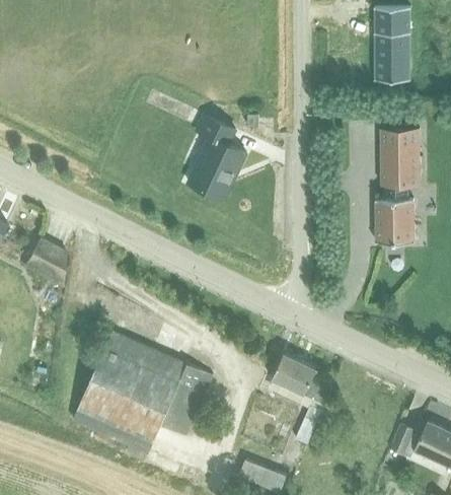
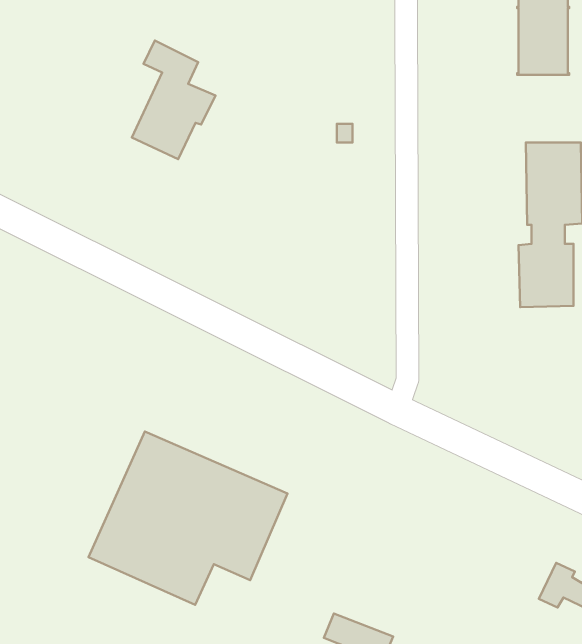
building: [187,115,246,198] -> [132,41,216,159]
building: [24,238,66,288] -> none
building: [267,354,331,443] -> none

